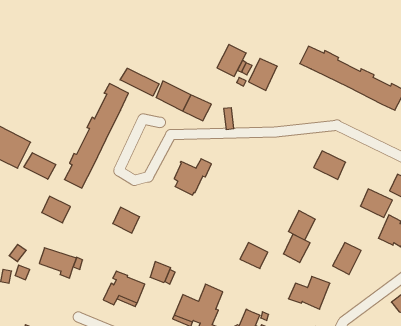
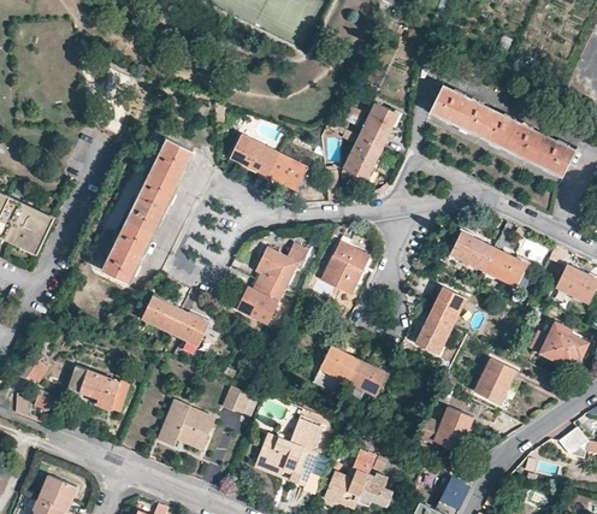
building: [217,44,246,76] -> [342,136,383,181]
building: [120,68,159,96] -> none
building: [24,153,56,179] -> none
building: none -> [320,236,370,294]
building: none -> [234,282,280,326]
building: [360,189,392,217] -> [483,248,527,288]
building: [42,196,70,223] -> [141,296,181,333]
building: none -> [312,345,359,395]
building: [283,234,310,263] -> [428,288,466,327]

